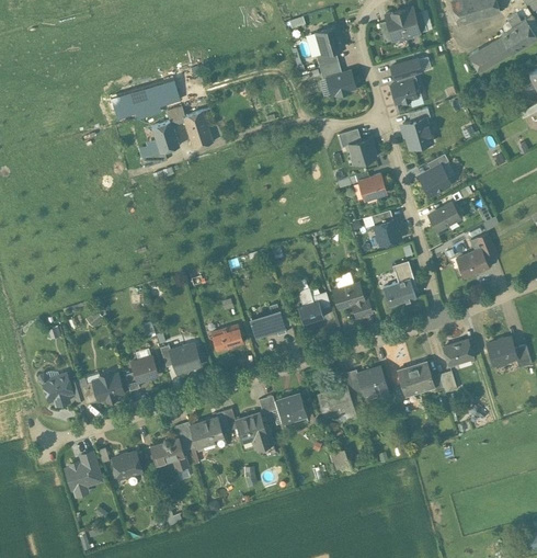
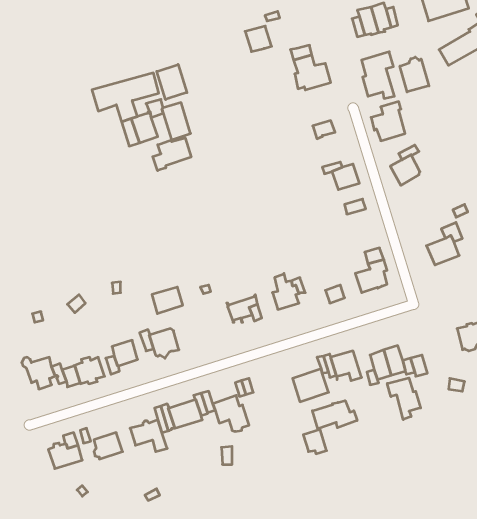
building: [316,29,343,55] -> [245,26,272,52]
building: none -> [400,57,429,92]
building: none -> [157,64,187,100]
building: [349,138,376,164] -> none
building: none -> [153,138,191,171]
building: [430,203,459,234] -> none
building: [374,219,401,246] -> none
building: [333,284,364,308] -> none
building: [212,324,243,352] -> [152,287,183,314]
building: [444,341,473,365] -> none
building: [277,394,306,419] -> none
building: none -> [387,378,421,420]
building: none -> [312,401,357,429]

